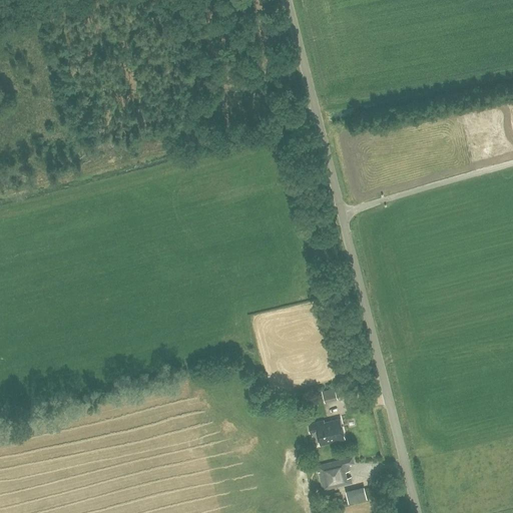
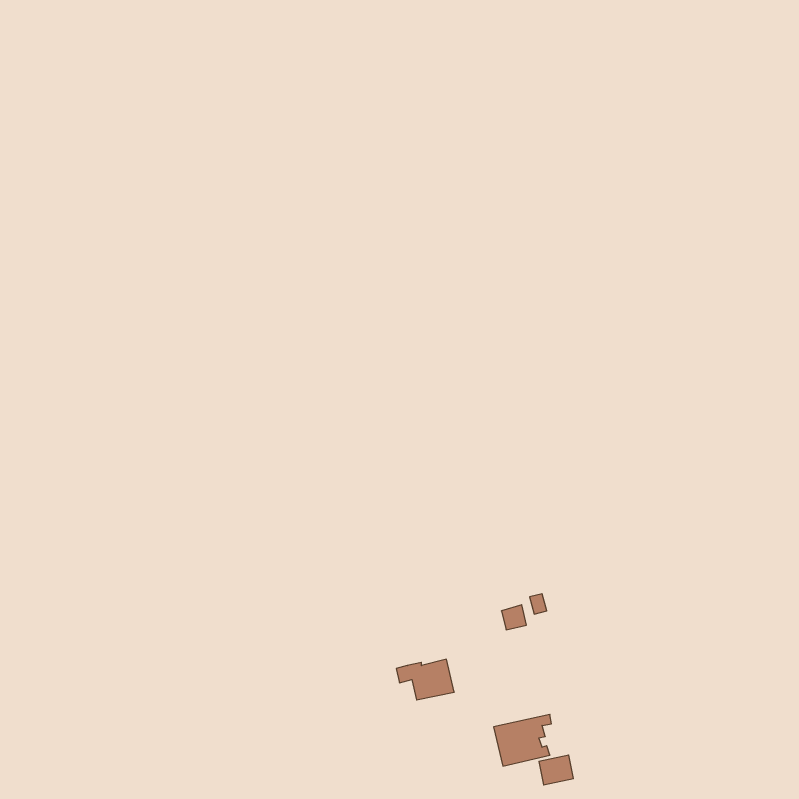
building: [307,419,344,445] -> [396,659,454,700]

